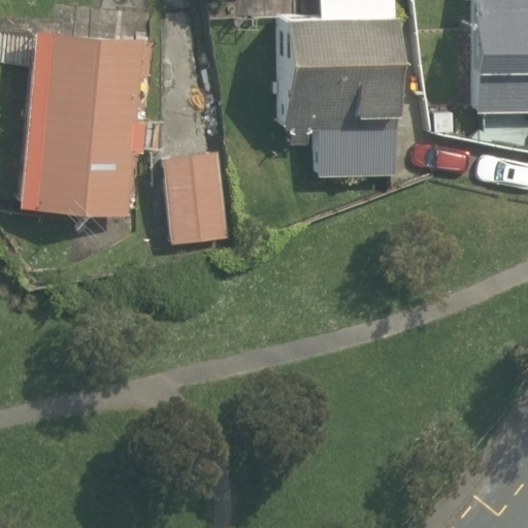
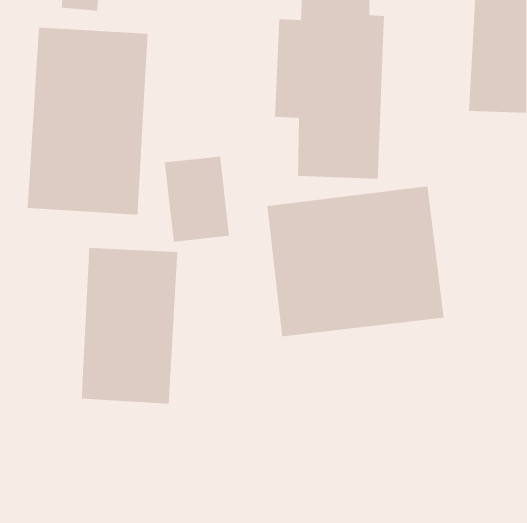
building: none -> [266,186,444,337]
building: none -> [81,247,178,404]

